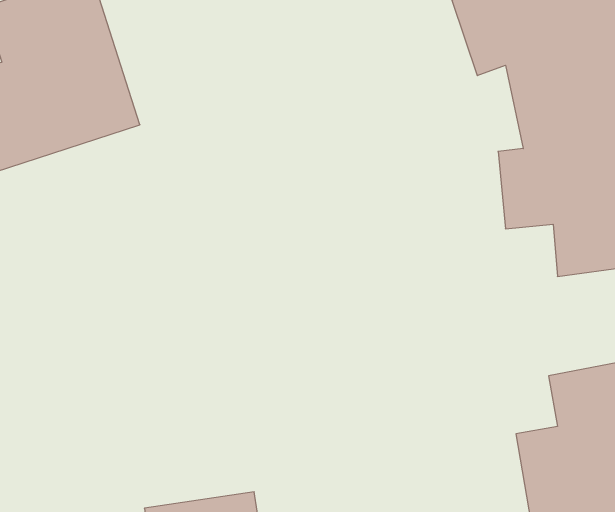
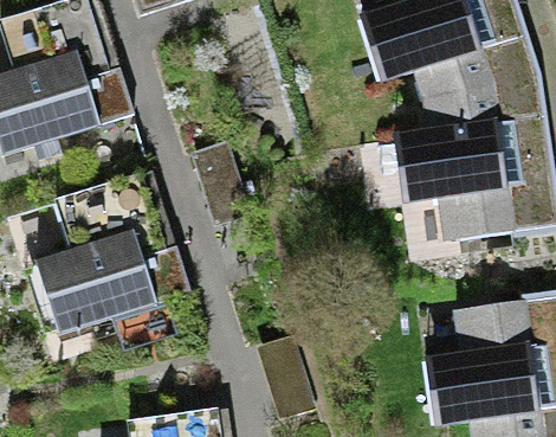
building: none -> [35,174,180,335]

